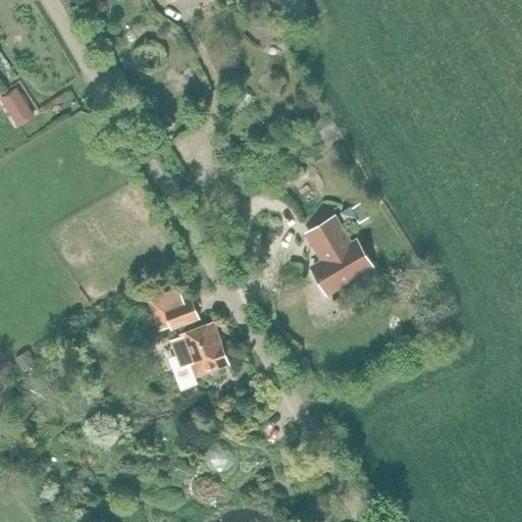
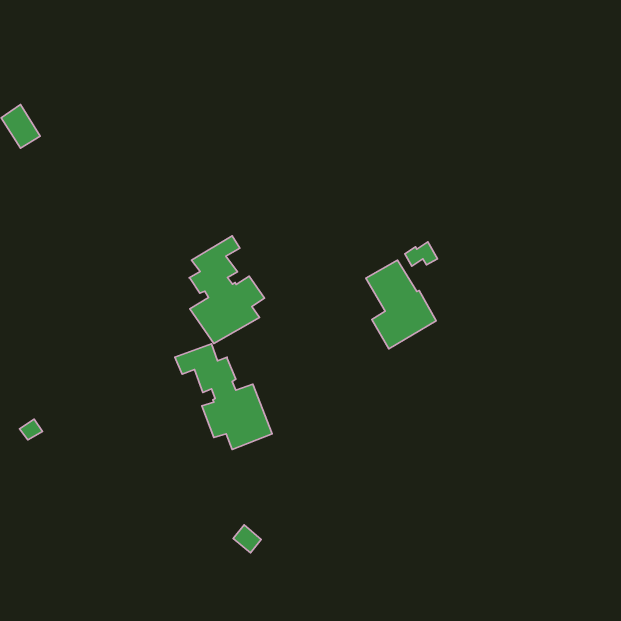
building: none -> [189,236,265,344]

